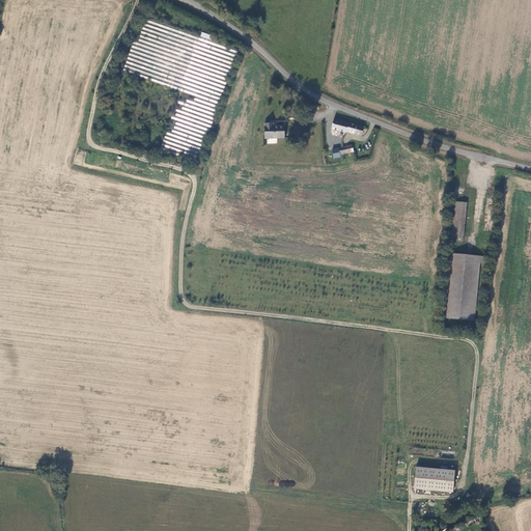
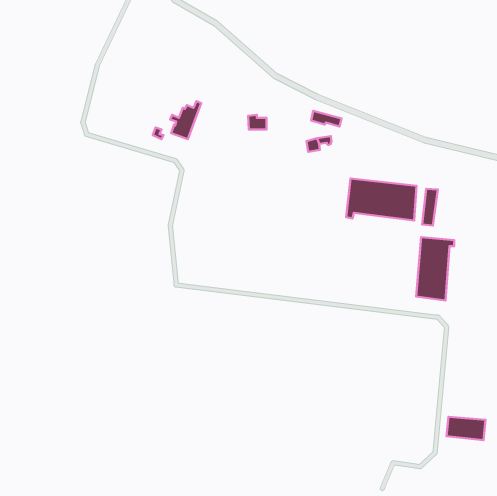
building: none -> [346,178,417,221]
building: [414,467,455,492] -> [447,417,486,440]

